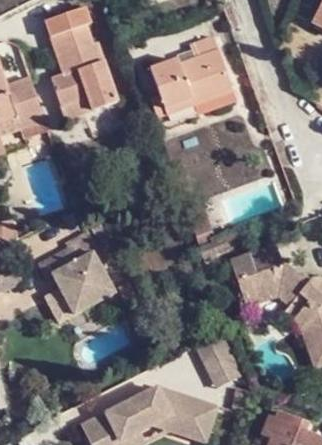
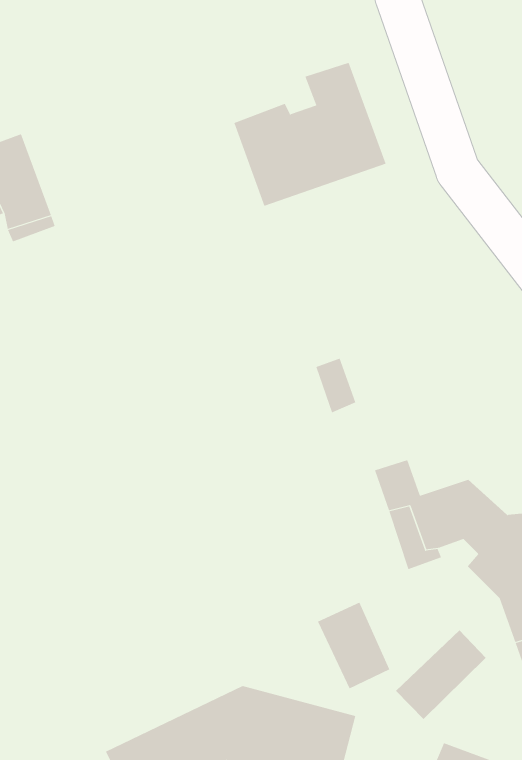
building: [47,5,121,116] -> none
building: [38,235,112,315] -> none
building: none -> [395,629,486,720]

